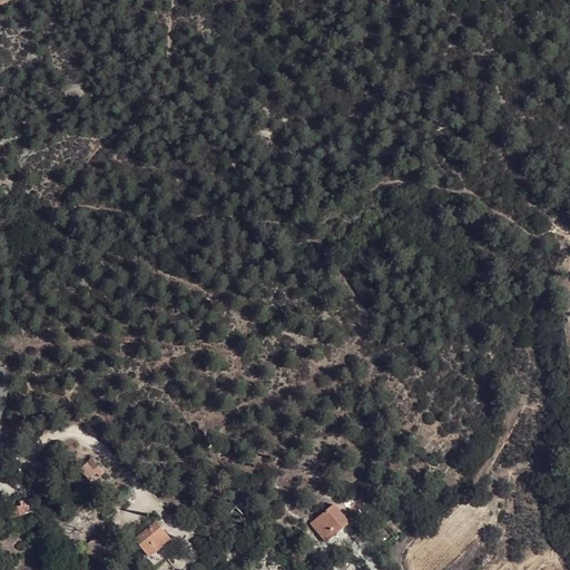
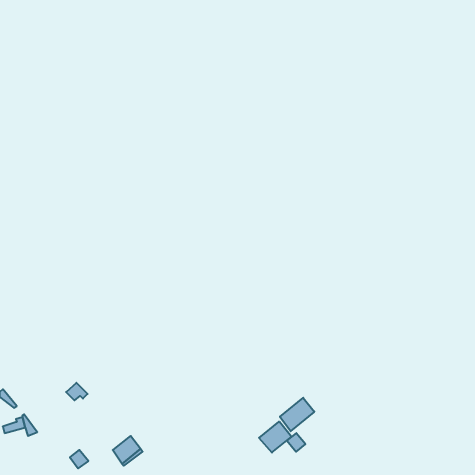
building: none -> [280,398,314,431]

